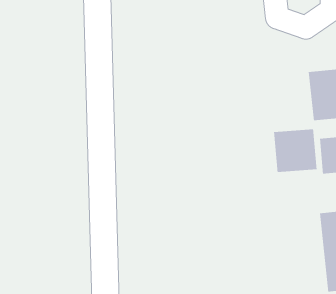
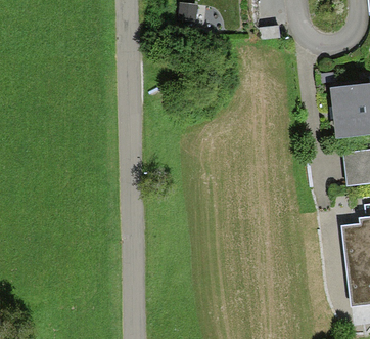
building: [274,128,317,173] -> none

